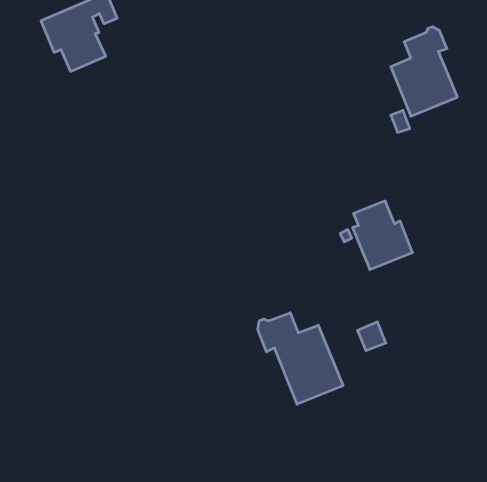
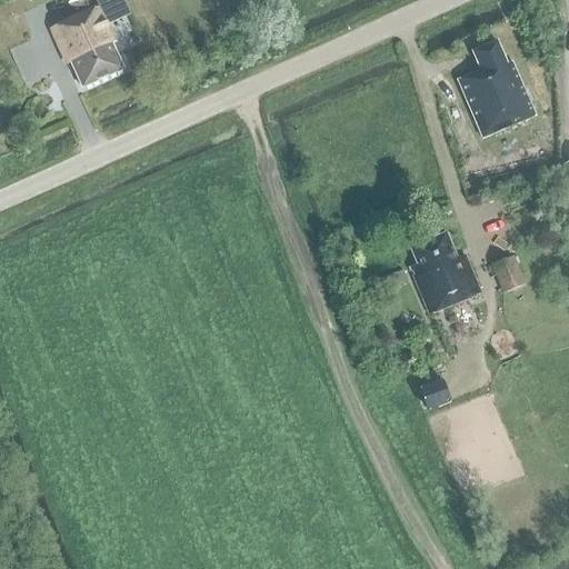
building: none -> [495,258,525,293]
building: [258,313,343,404] -> none

